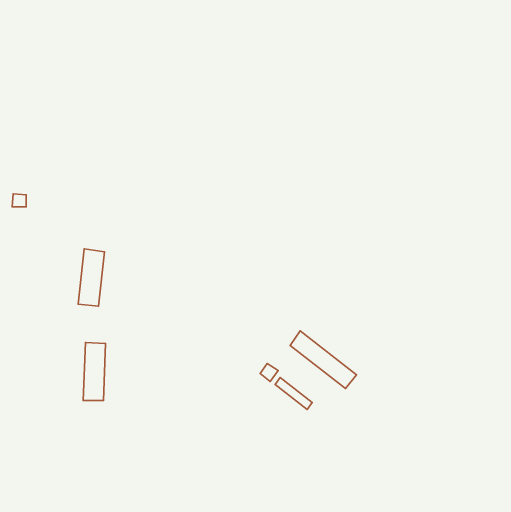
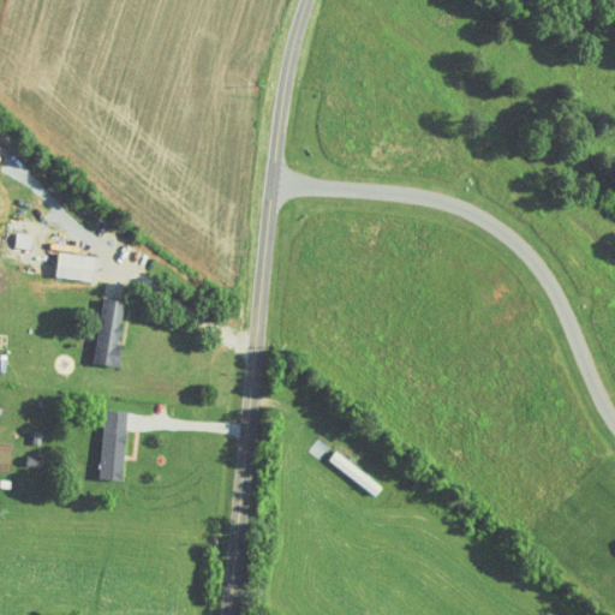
building: none -> [54,252,94,281]
building: [290,331,357,389] -> none

